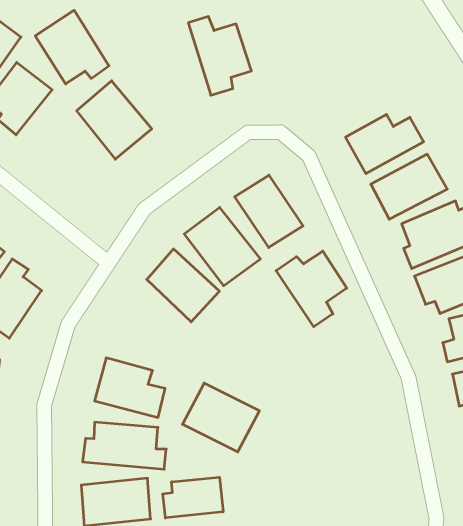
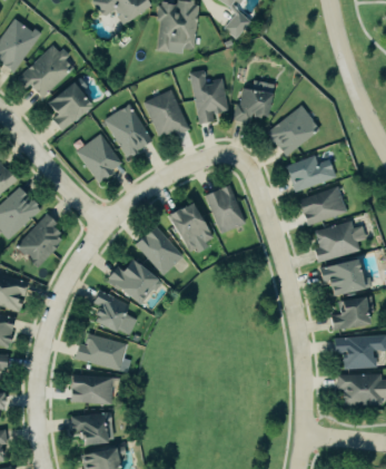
building: [35,10,109,84] -> [143,88,190,137]
building: none -> [234,80,275,124]
building: none -> [266,105,320,157]
building: none -> [77,133,125,182]
building: [276,251,347,327] -> none
building: [182,383,259,452] -> [107,256,160,306]
building: [163,477,223,518] -> none

